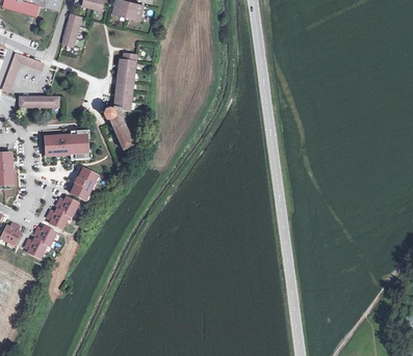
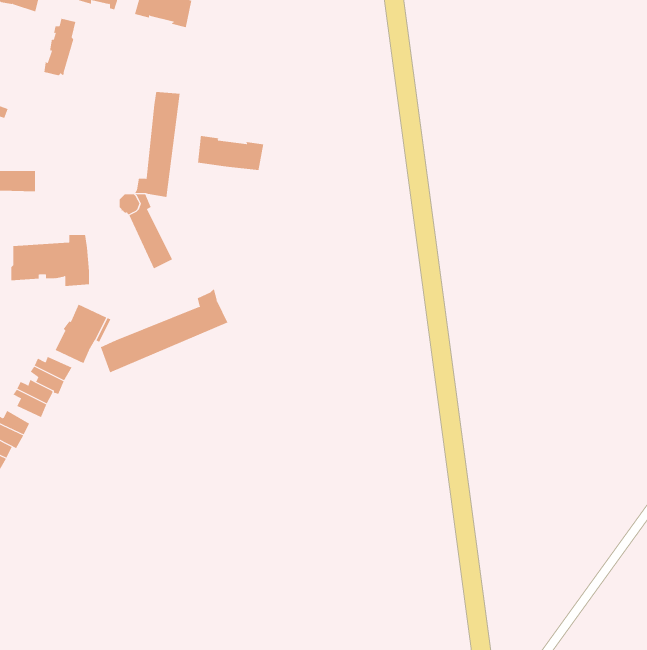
building: none -> [197,135,264,171]
building: none -> [100,288,228,373]

